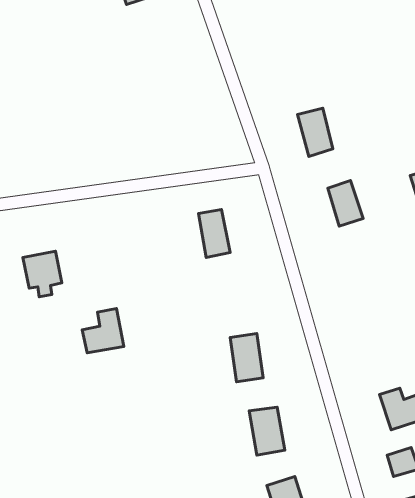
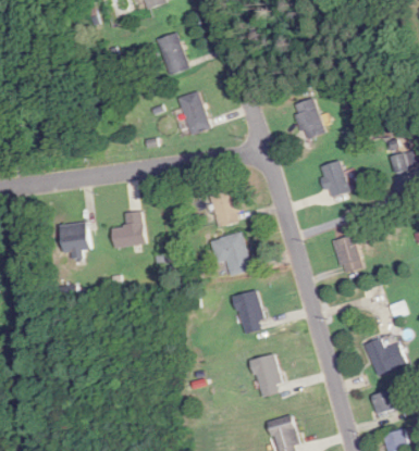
building: none -> [159,33,187,74]
building: none -> [177,90,210,134]
building: none -> [212,231,252,277]
building: none -> [332,235,362,274]
building: [82,308,124,353] -> [110,210,146,248]

